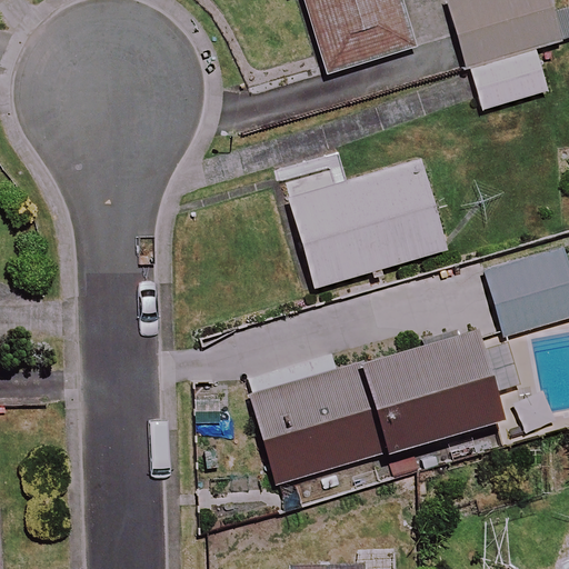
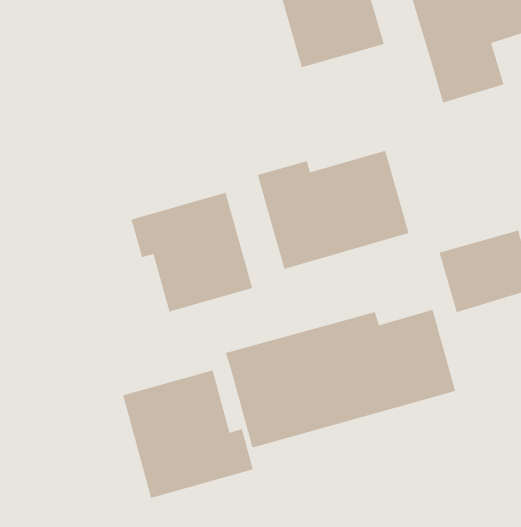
building: none -> [131,192,253,312]
building: none -> [122,369,254,499]

